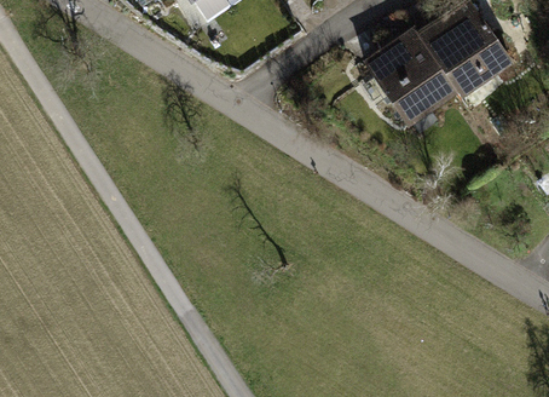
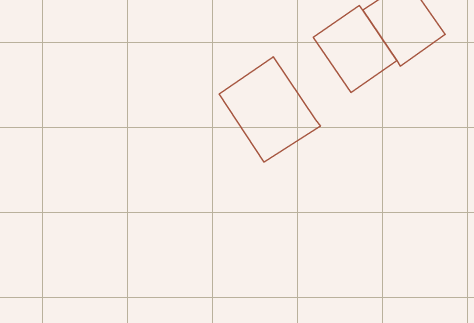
building: none -> [219,57,320,162]

